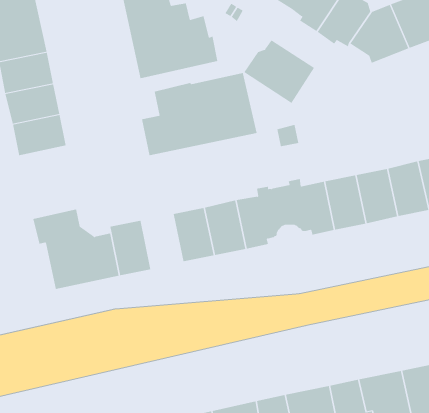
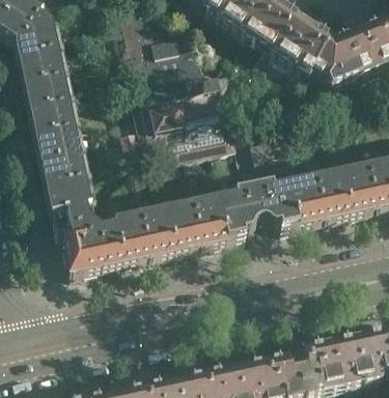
building: [243,39,315,104] -> none
building: none -> [39,152,90,212]
building: none -> [140,208,174,254]

